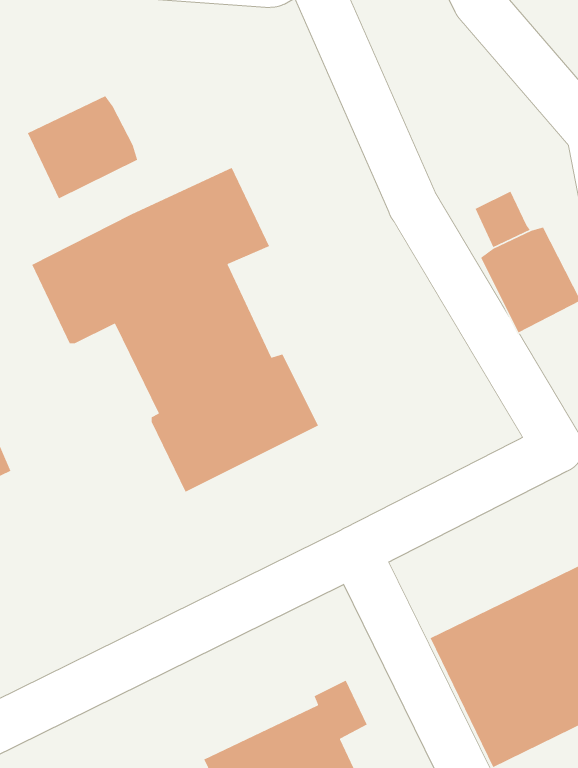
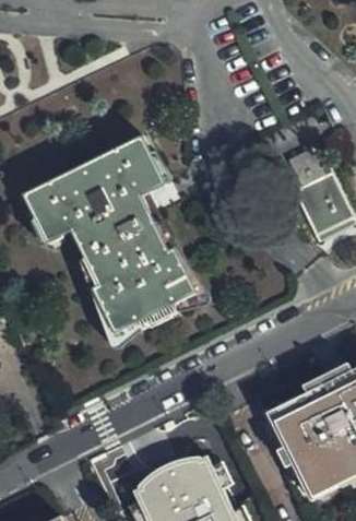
building: [27,95,138,199] -> none

